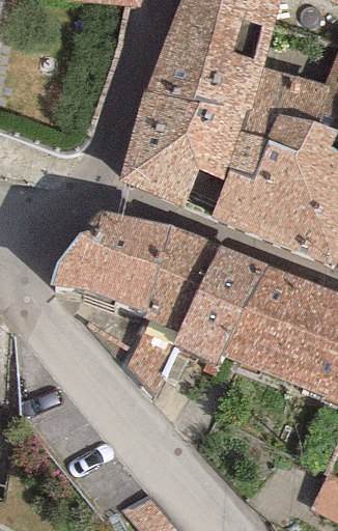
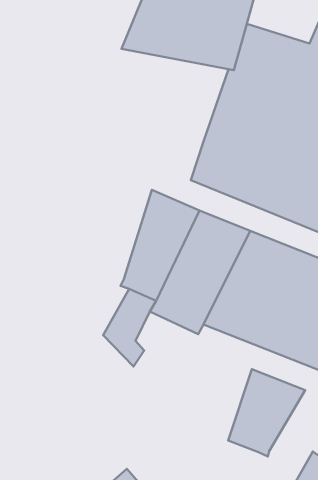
building: [120,89,247,208] -> none
building: [52,209,173,311] -> none
building: none -> [228,369,305,456]

